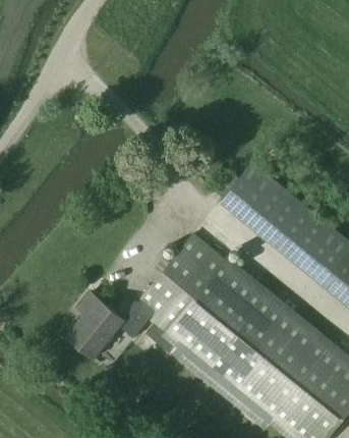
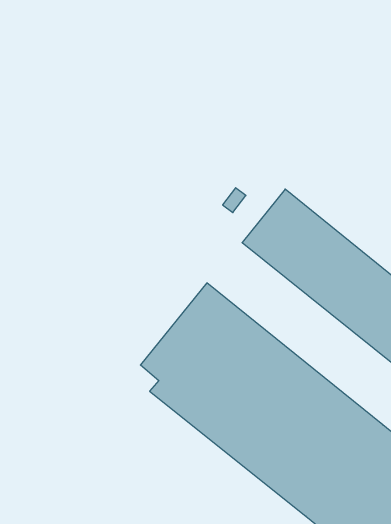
building: [66,293,155,359] -> none

